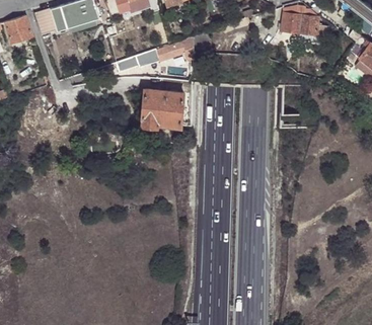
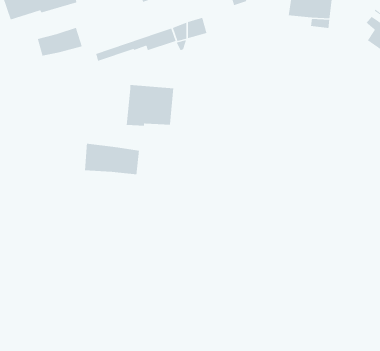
building: none -> [37,27,83,57]
building: none -> [84,143,140,175]

